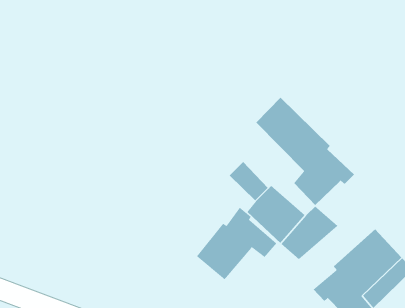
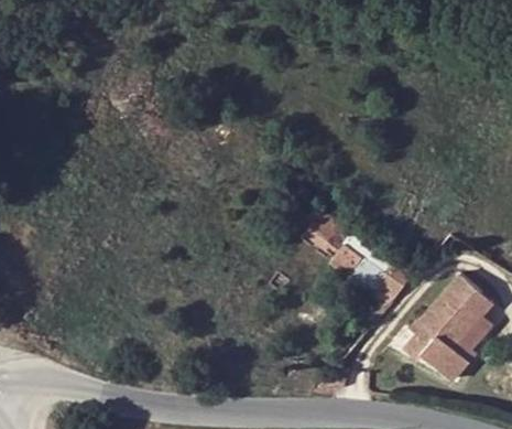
building: [256,97,355,206] -> none
building: [196,207,277,280] -> none

